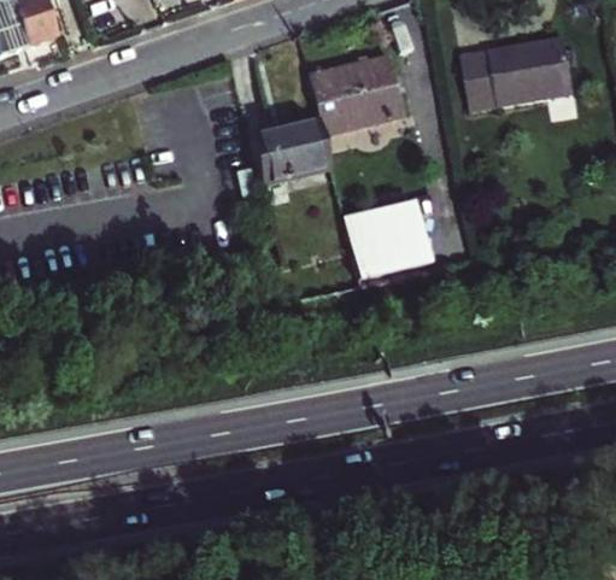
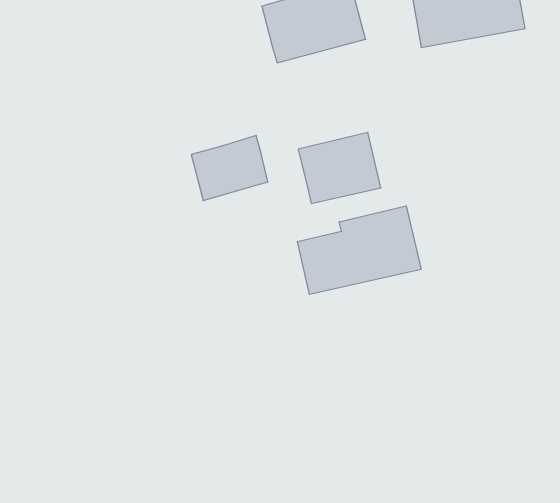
building: [251,110,329,176] -> [191,136,268,201]
building: none -> [297,206,421,294]

